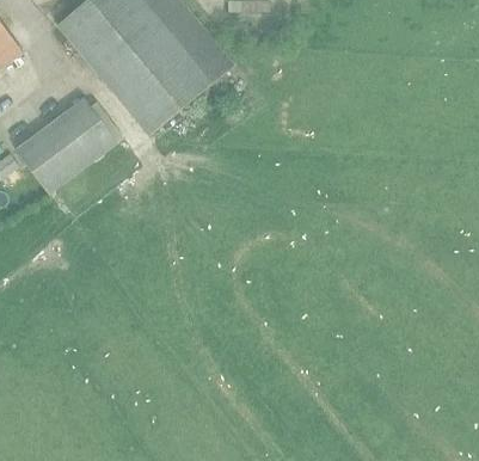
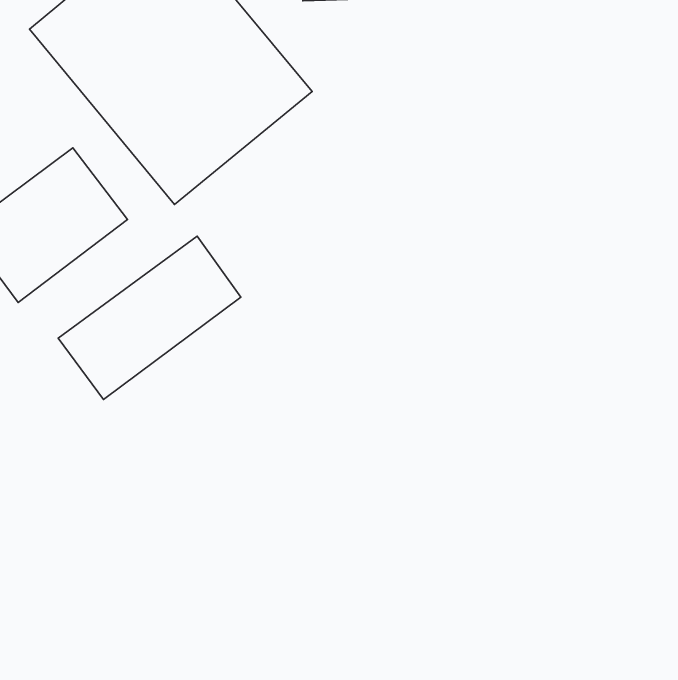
building: none -> [58,236,241,399]

